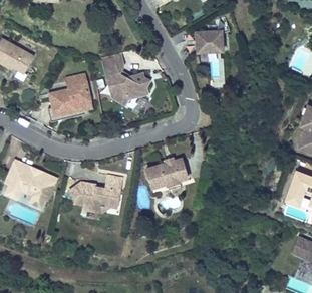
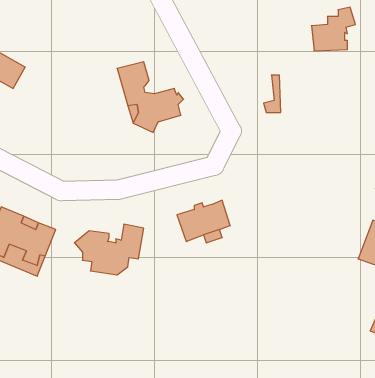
building: [198,20,231,53] -> [311,7,355,51]
building: [46,73,92,123] -> none

